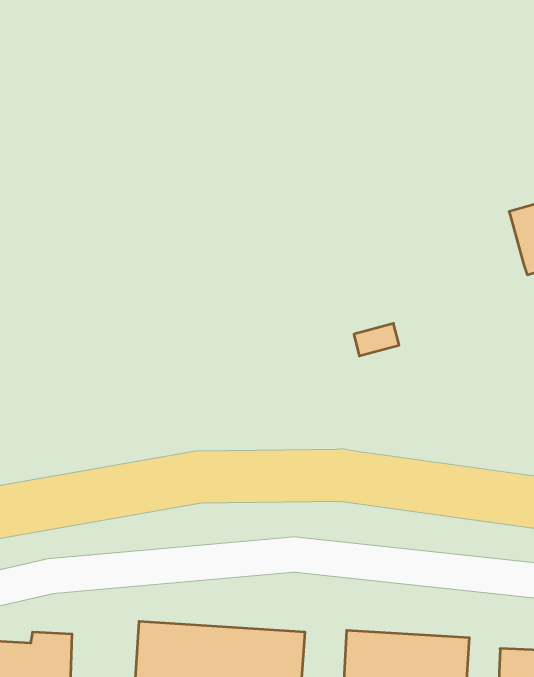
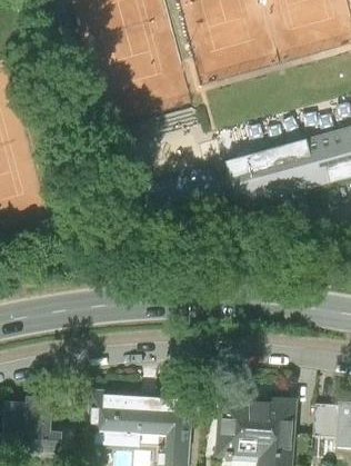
building: none -> [237,132,328,195]

